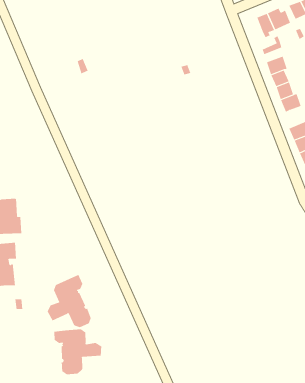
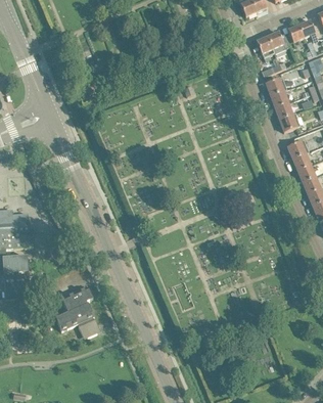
building: [54,329,102,375] -> none

